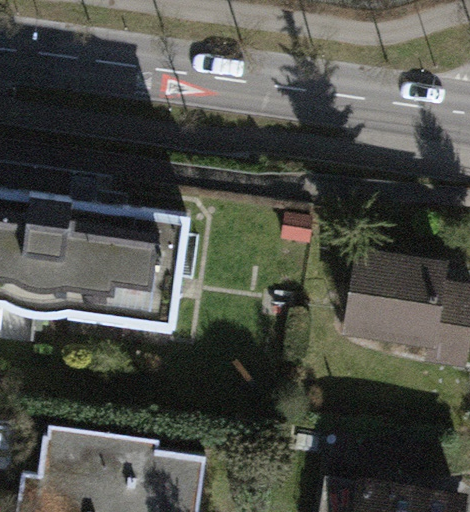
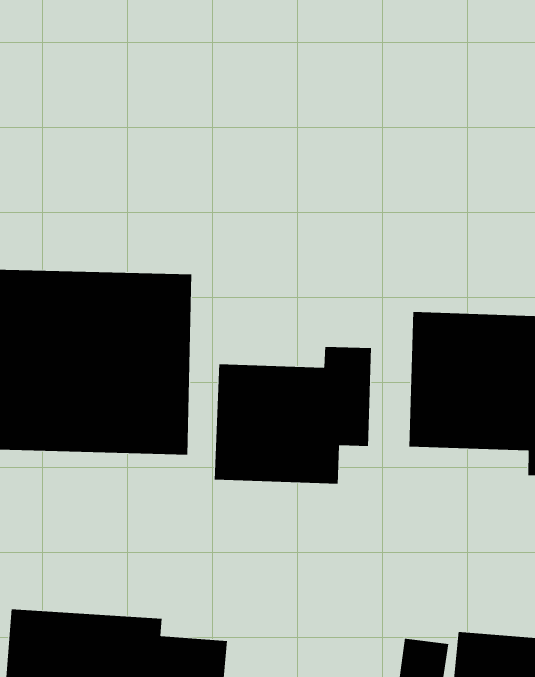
building: none -> [214,346,372,484]

